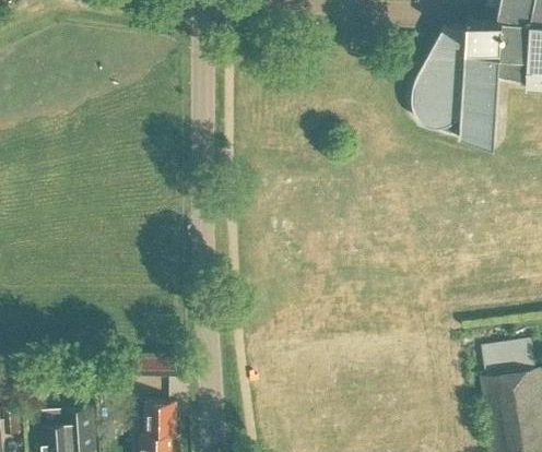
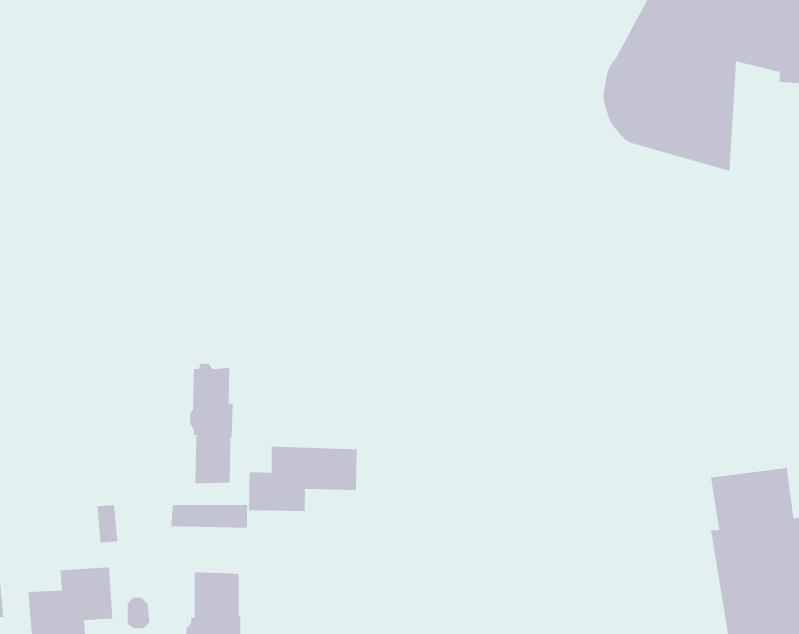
building: none -> [190,363,233,484]
building: none -> [248,446,357,512]

